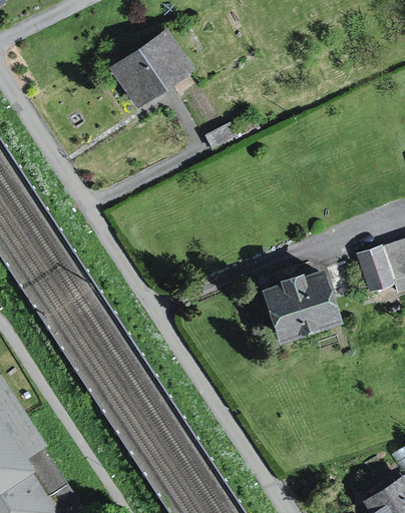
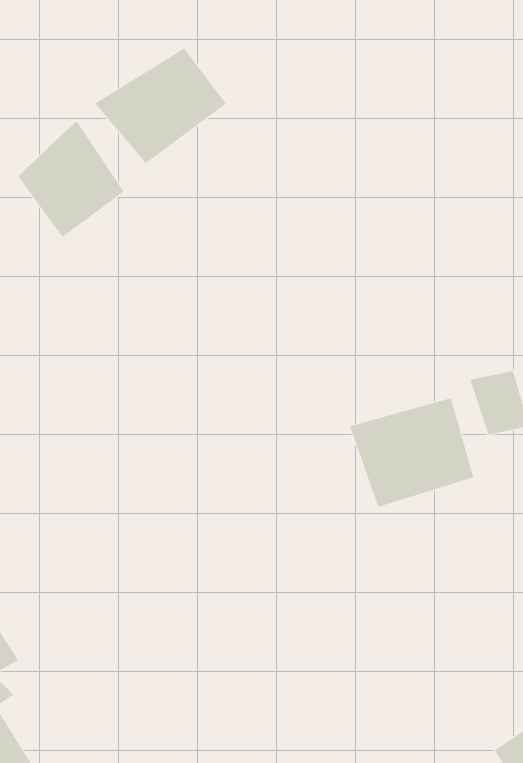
building: none -> [18,120,124,238]

